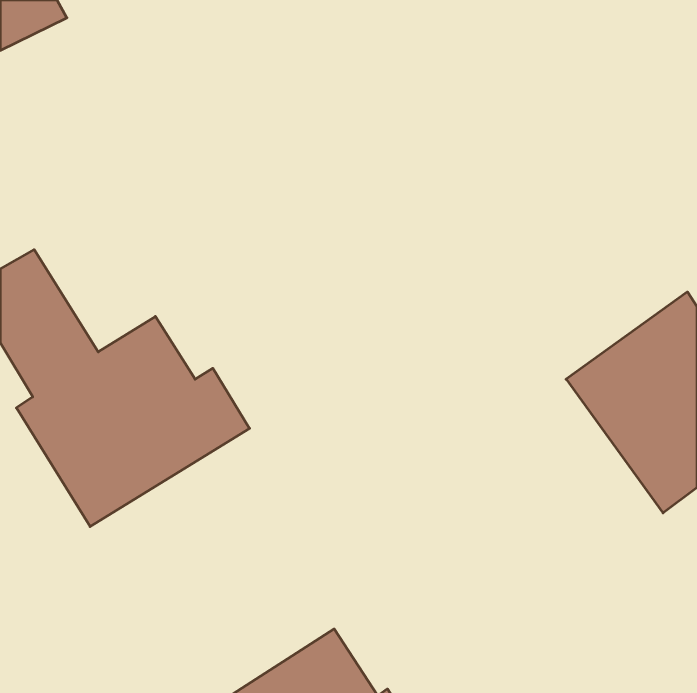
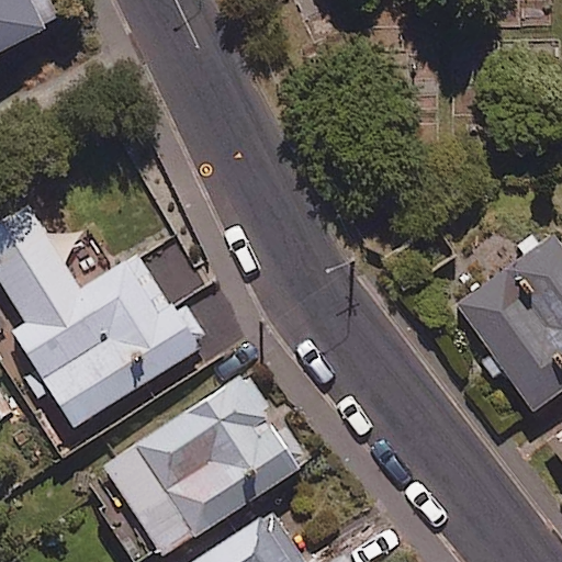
building: none -> [104,375,302,557]

